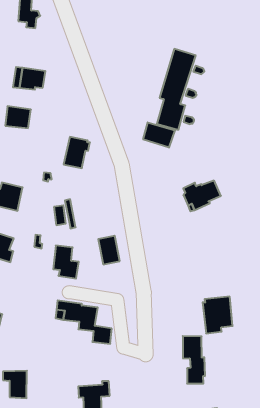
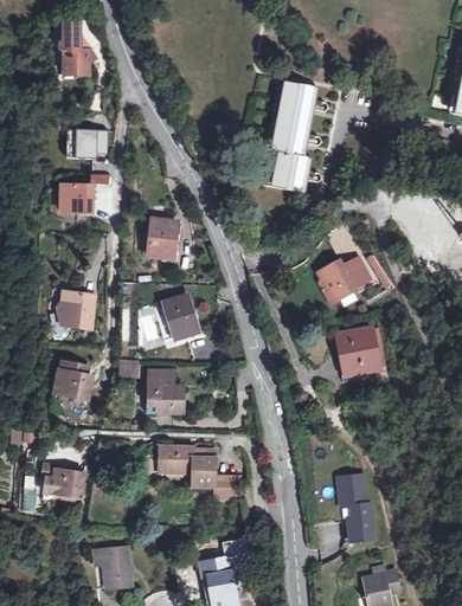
building: [143,122,175,148] -> none
building: [98,236,120,264] -> [165,296,198,337]
building: [203,297,233,333] -> [334,328,379,382]

